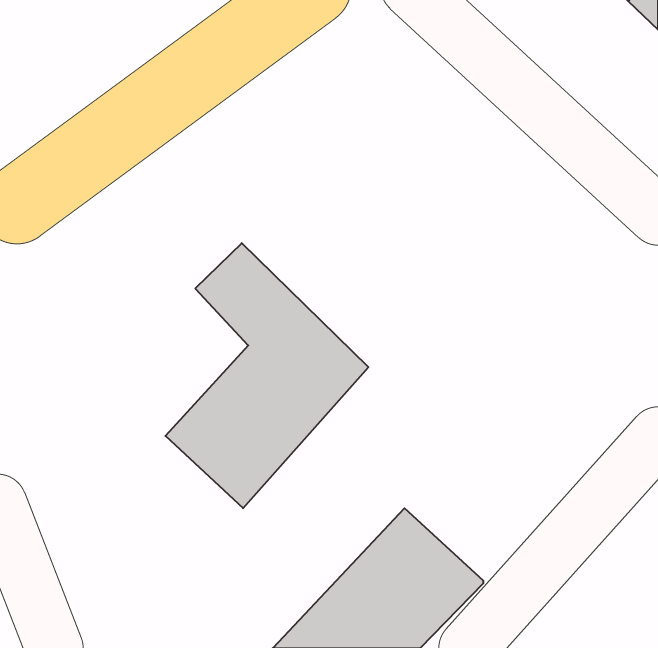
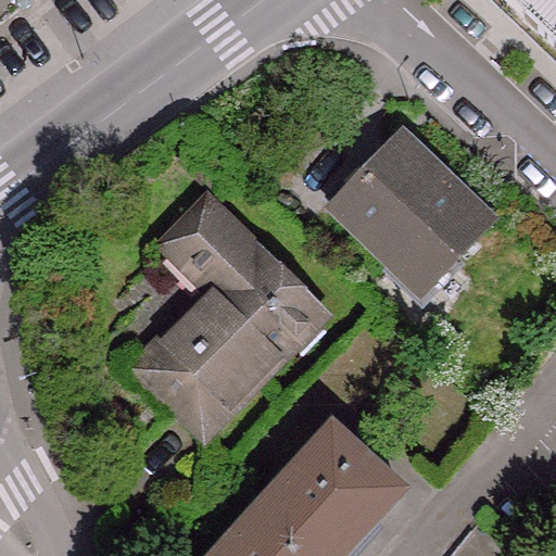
building: none -> [336,137,484,288]

